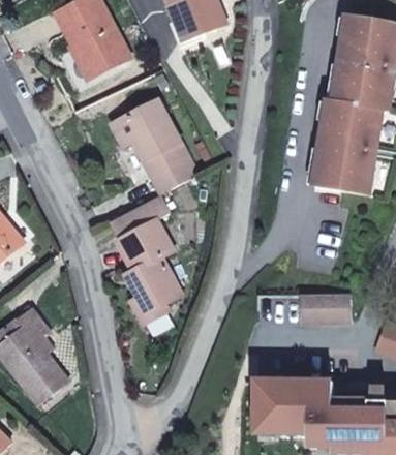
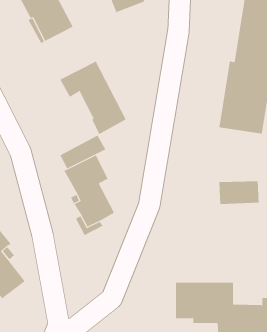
building: [299,292,351,322] -> [219,181,259,204]

